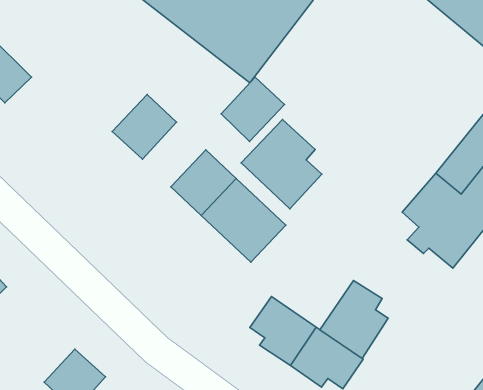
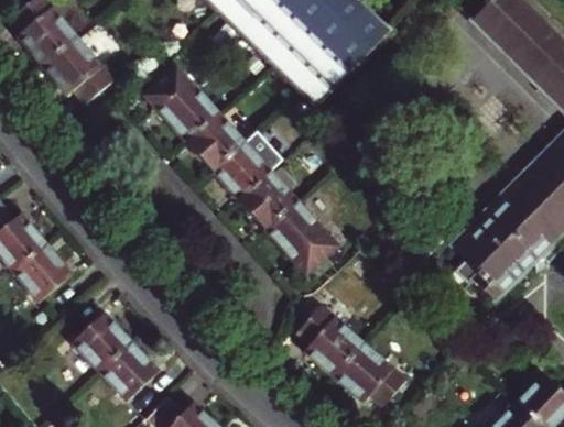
building: none -> [143,59,221,140]
building: [221,77,284,142] -> [212,136,272,197]
building: [241,119,322,209] -> none
building: [320,281,388,358] -> none
building: none -> [74,314,131,371]

